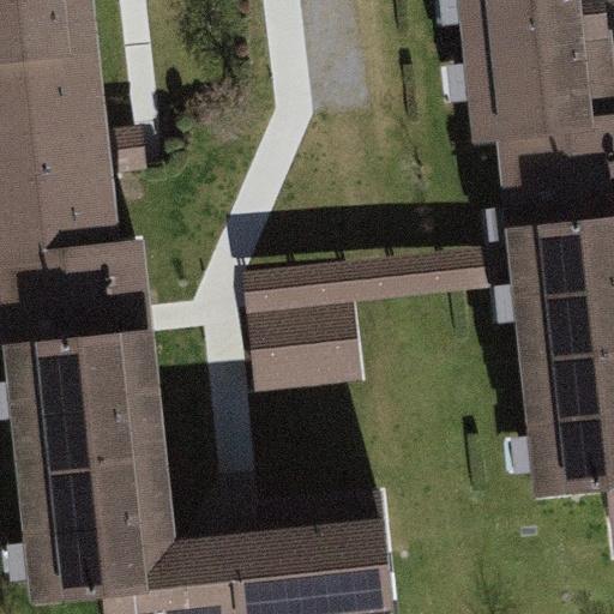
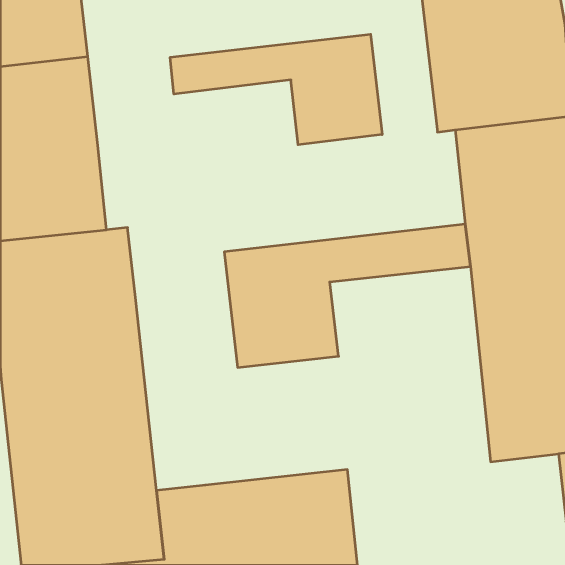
building: none -> [170,34,382,145]

